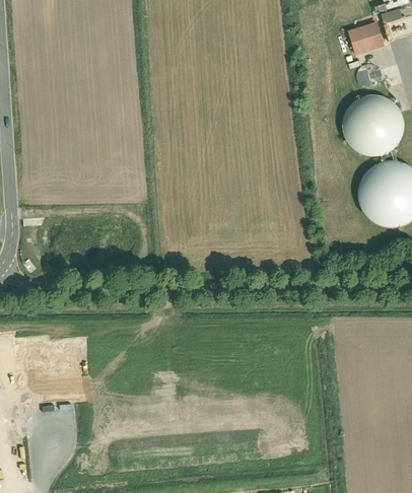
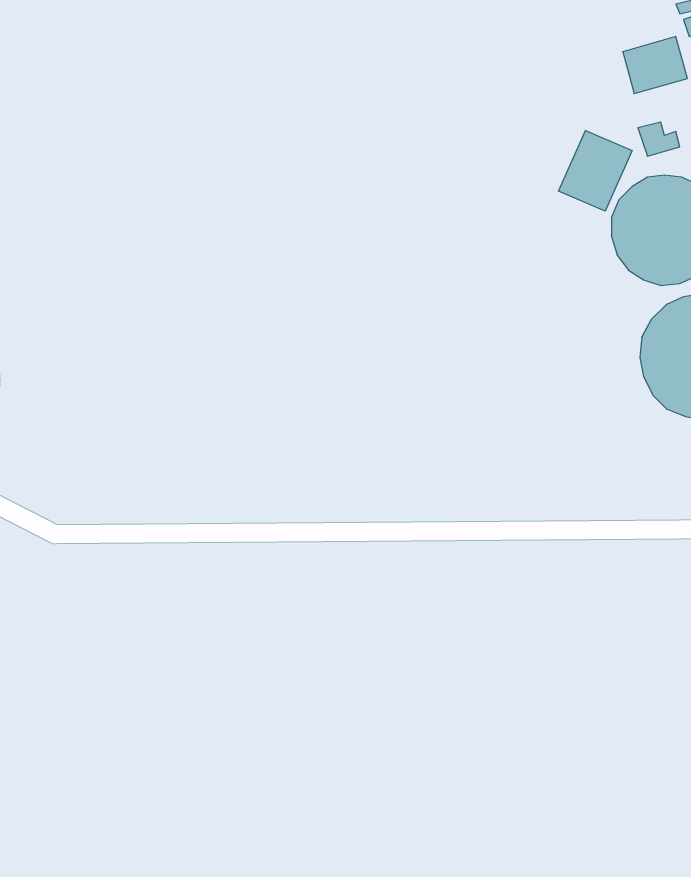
building: none -> [558,130,632,211]

